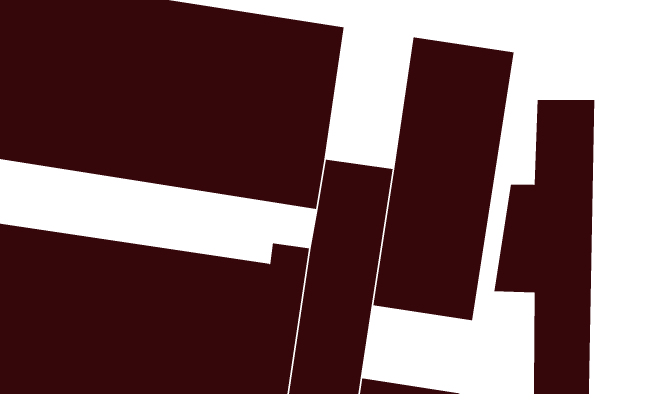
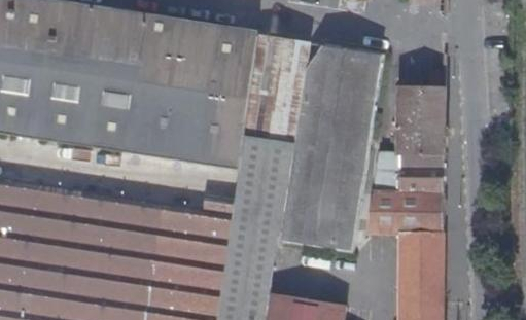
building: none -> [244,33,309,138]

